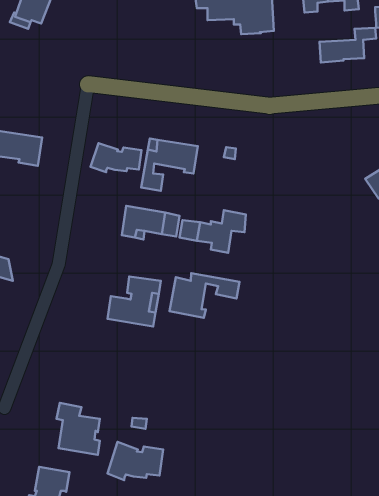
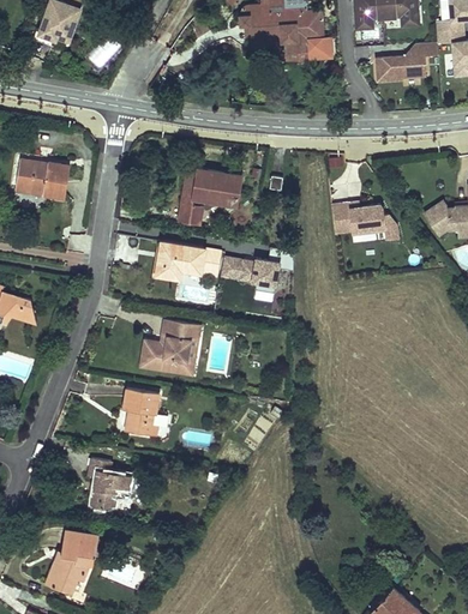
building: [90,143,142,172] -> none
building: none -> [330,203,396,240]
building: [170,273,239,318] -> none
building: none -> [122,387,160,434]
building: [108,442,163,480] -> none

